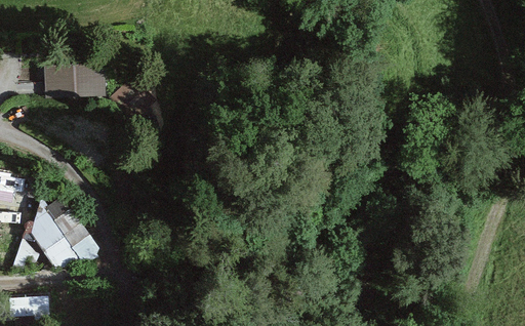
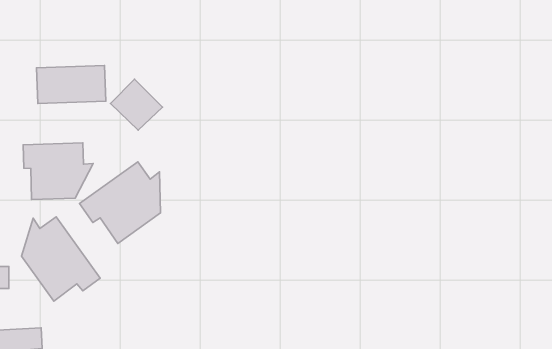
building: none -> [23,143,93,200]
building: none -> [80,162,161,243]

